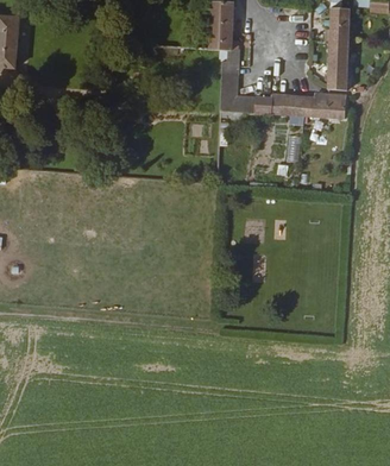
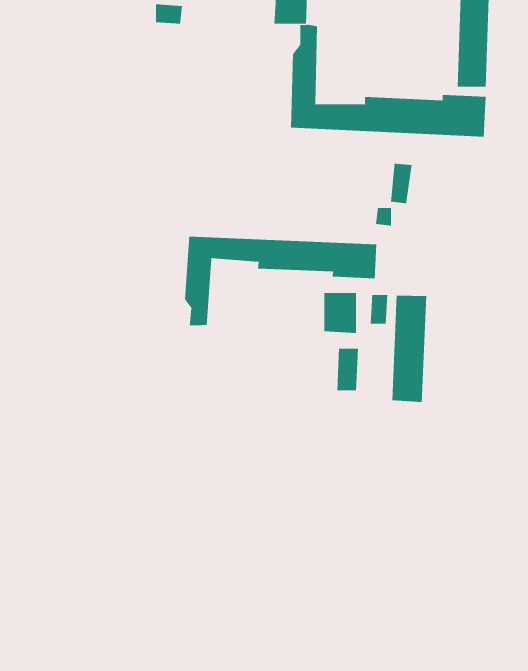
building: none -> [185,236,377,326]
building: none -> [392,295,427,403]

